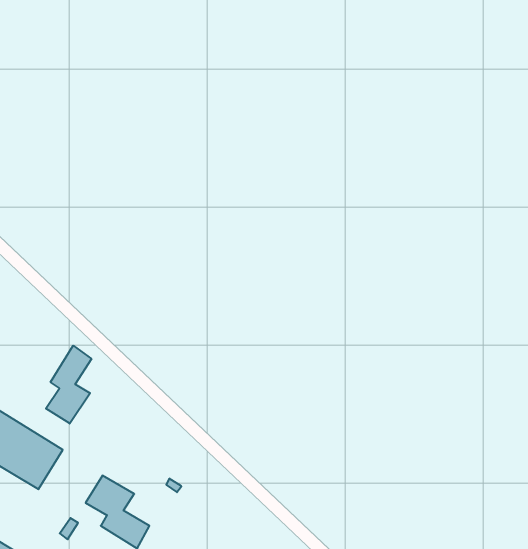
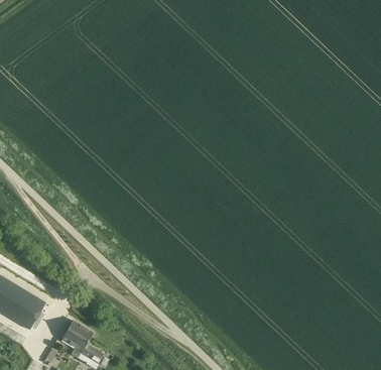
building: [46,346,91,424] -> none

